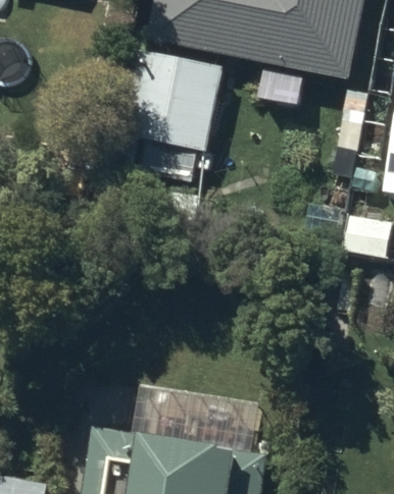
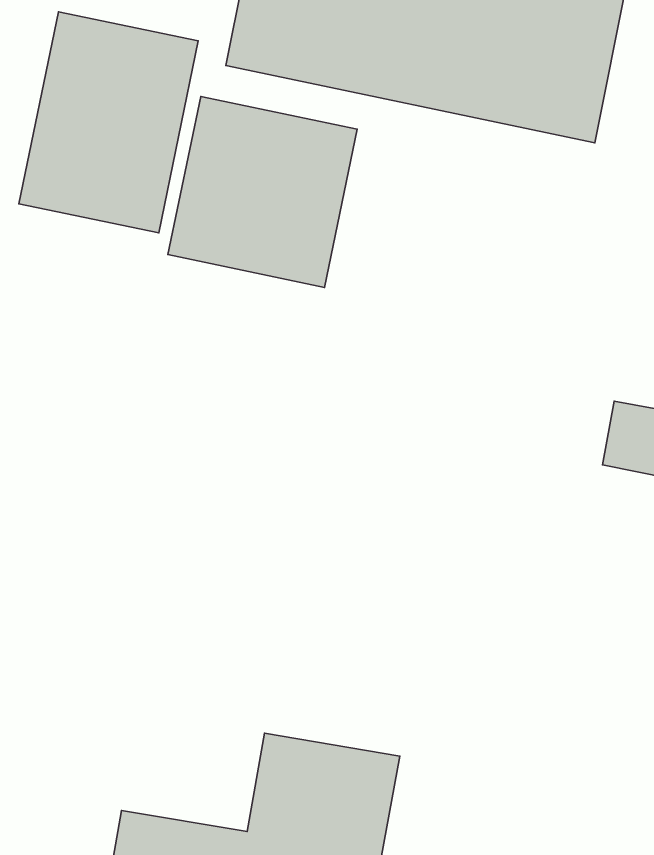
building: none -> [19,12,198,233]

